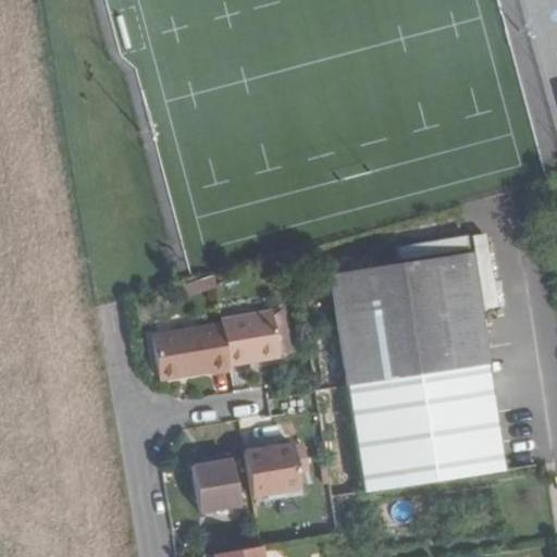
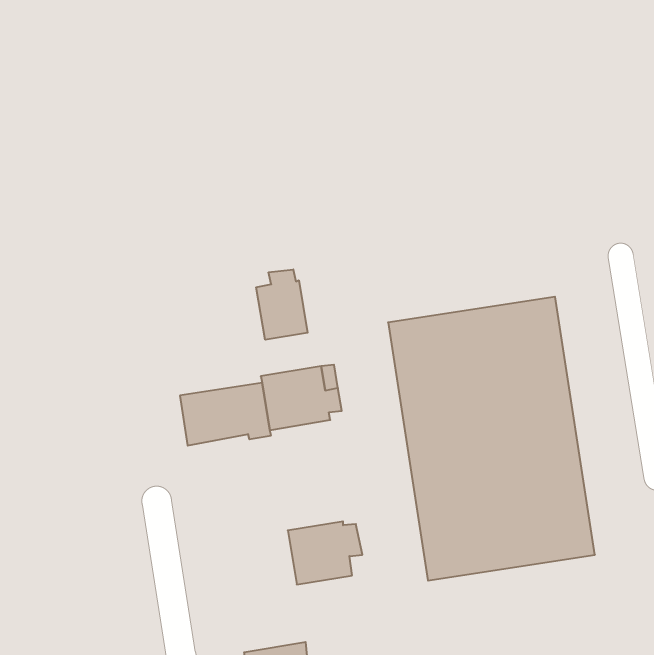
building: none -> [256,269,308,340]
building: [193,454,240,511] -> none

